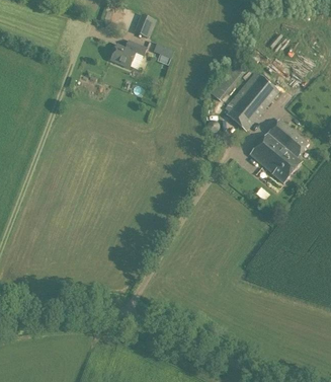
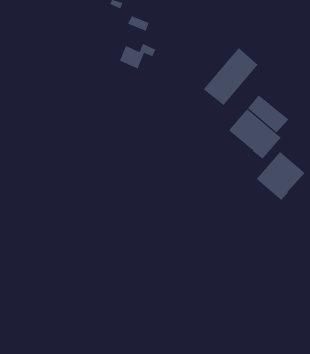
building: [109,42,145,67] -> [119,43,156,69]
building: none -> [256,151,305,201]

